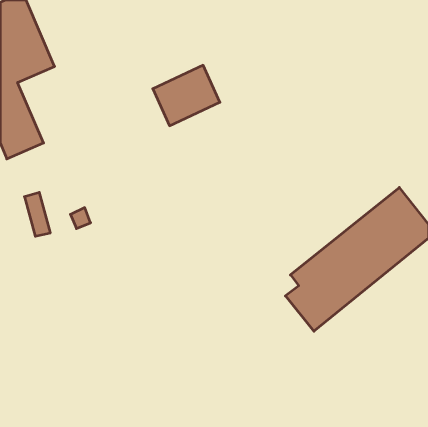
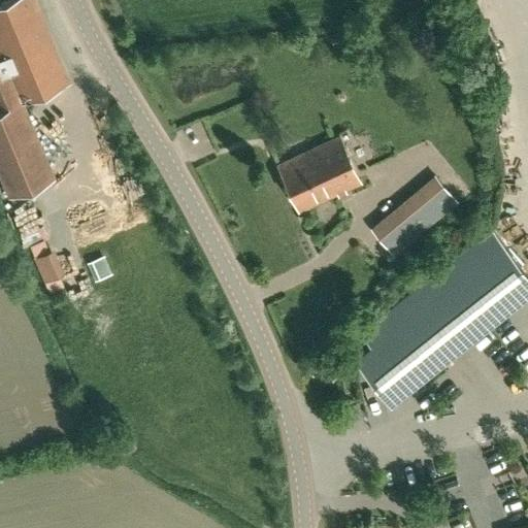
building: [153,65,220,126] -> [278,139,361,213]
building: none -> [372,178,457,257]

